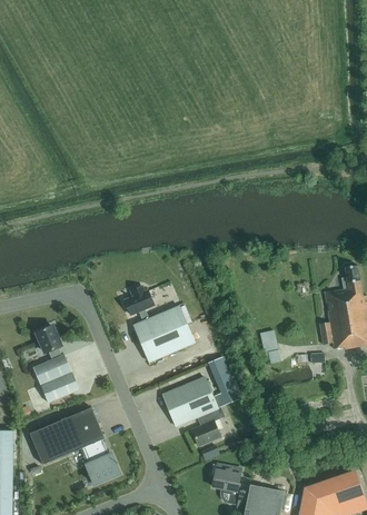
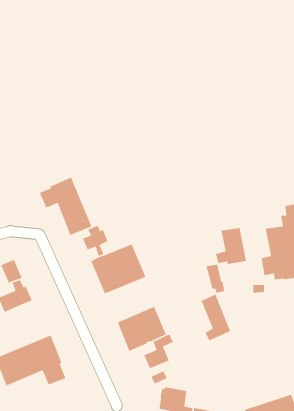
building: none -> [39,176,93,236]
building: none -> [215,227,247,265]
building: [209,354,242,406] -> [201,293,231,342]
building: [41,369,80,400] -> none
building: [87,453,120,482] -> none

